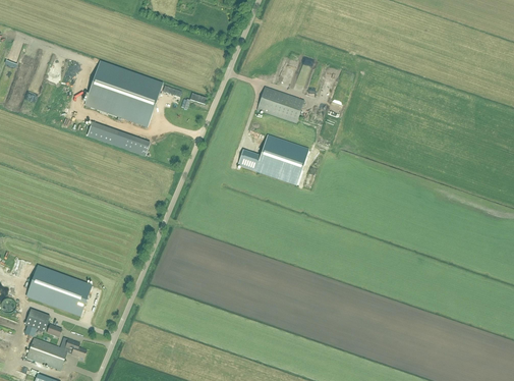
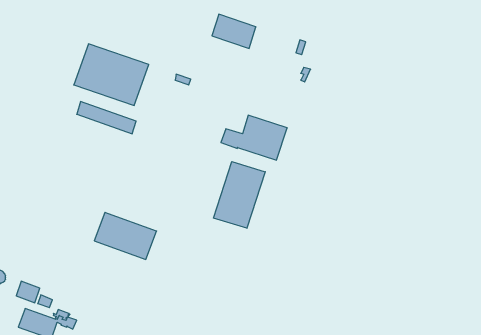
building: [256,87,302,122] -> [212,14,256,48]
building: none -> [214,162,265,228]
building: [25,266,91,315] -> [94,212,157,259]

